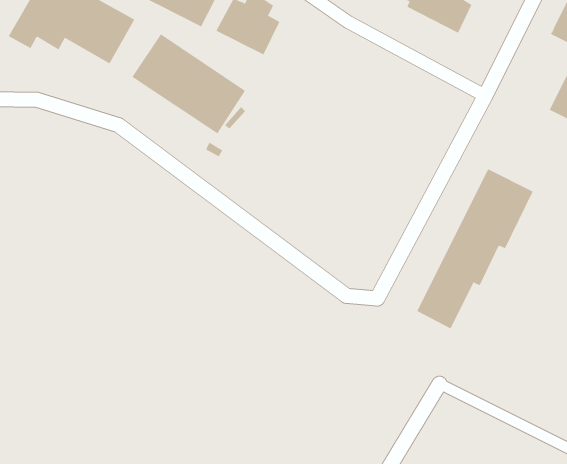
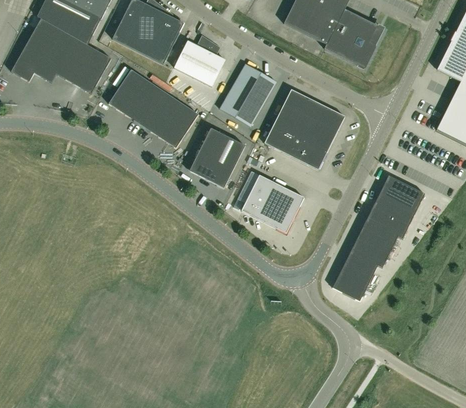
building: none -> [220,64,276,126]
building: none -> [264,88,345,169]
building: none -> [189,128,245,188]
building: none -> [238,168,301,227]

